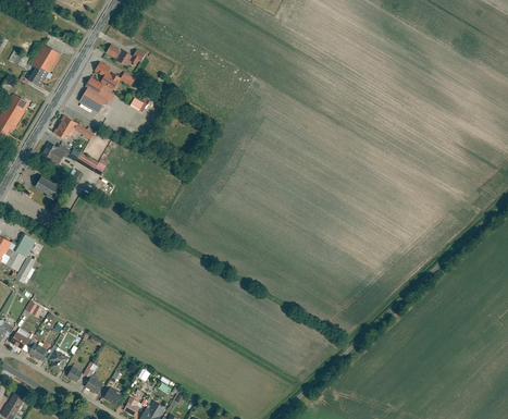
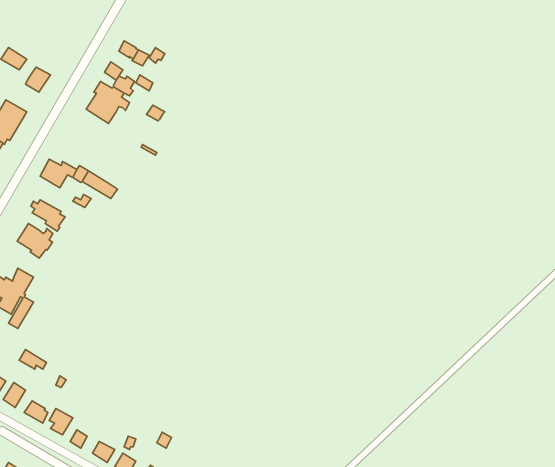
building: [30,44,61,72] -> none
building: [53,114,96,139] -> none
building: none -> [17,223,53,258]

